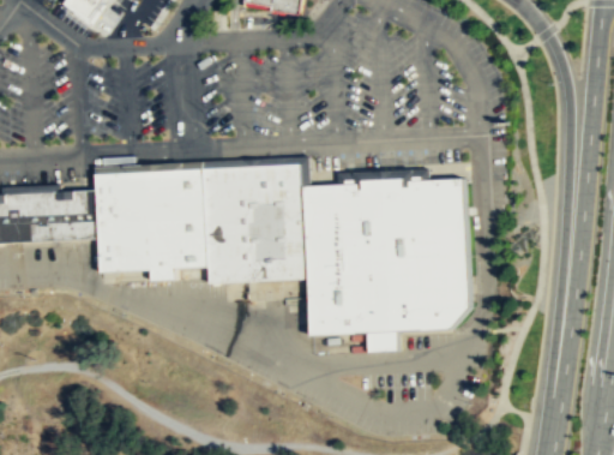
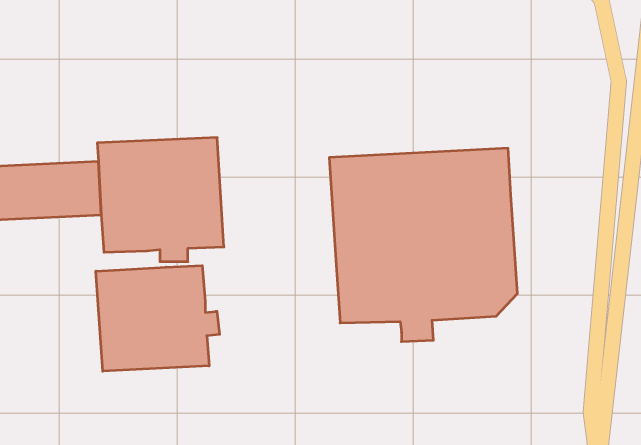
building: [203,163,307,282] -> none
building: none -> [96,266,220,371]

